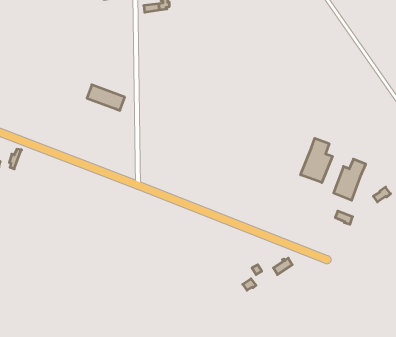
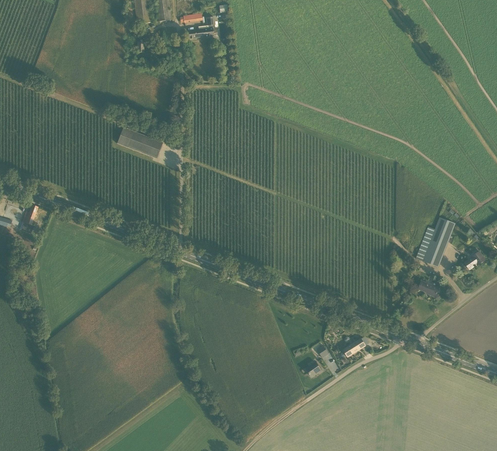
building: [301,138,332,183] -> none

